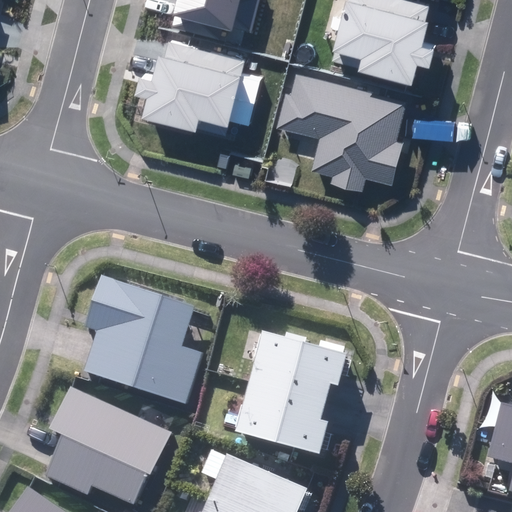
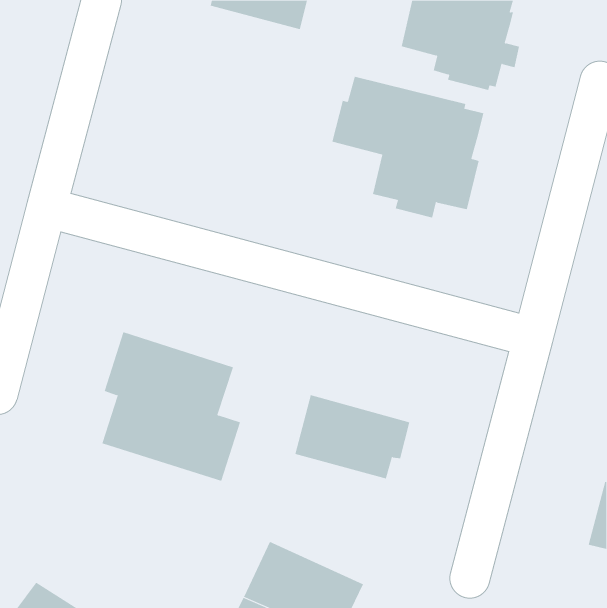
building: [140,31,248,120] -> none
building: [233,382,326,454] -> none
building: [47,388,173,506] -> none

